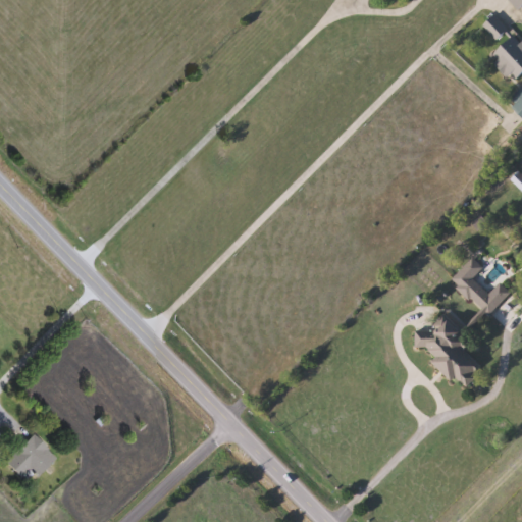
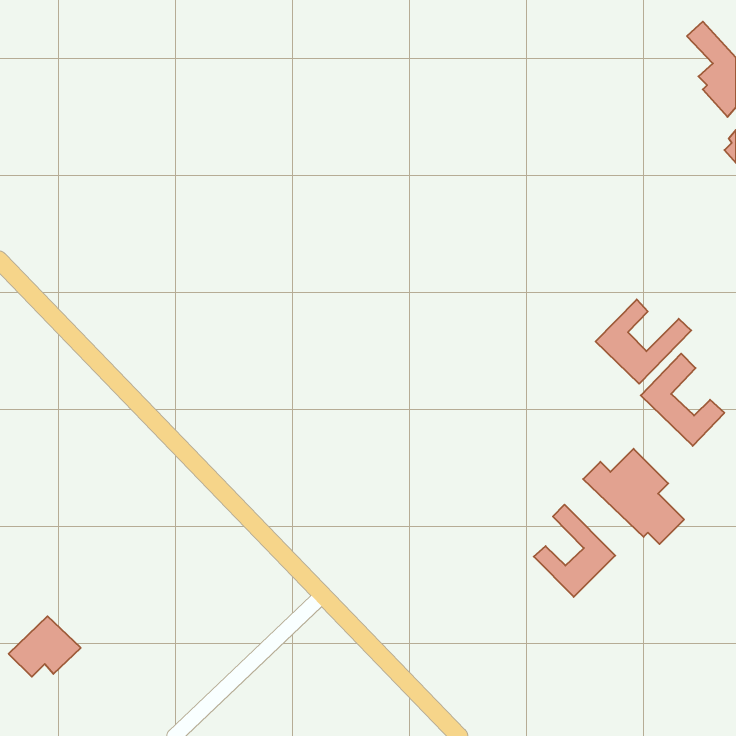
building: none -> [596,299,691,384]
building: none -> [534,505,615,597]

